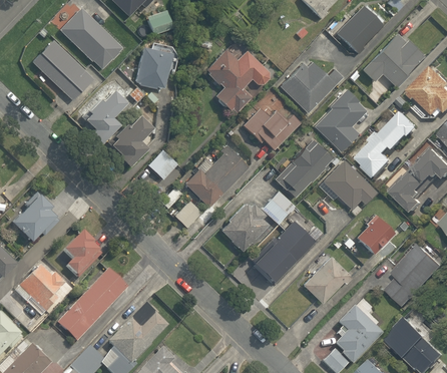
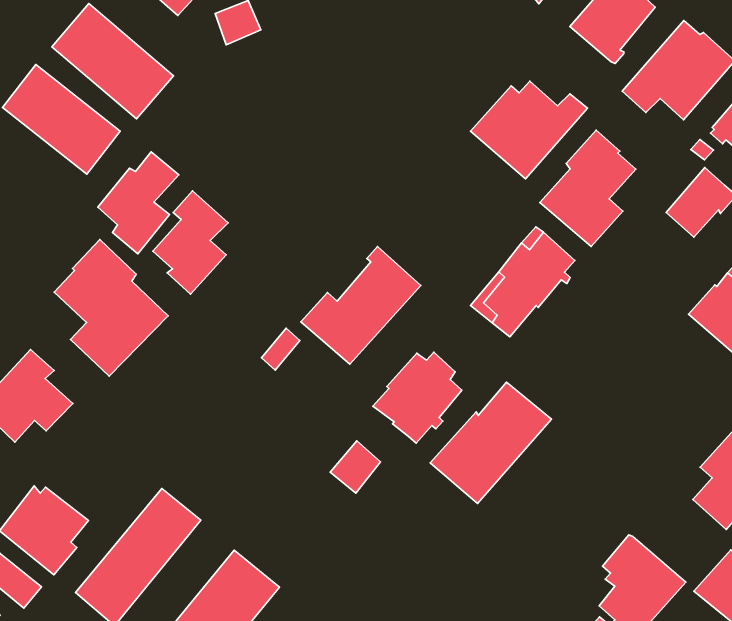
building: [134,44,168,88] -> none
building: [204,49,269,112] -> none
building: [243,108,300,150] -> none
building: [359,132,396,179] -> none
building: none -> [54,240,168,376]
building: [146,148,175,178] -> none
building: [323,160,376,210] -> none
building: [262,192,295,225] -> none
building: [174,201,201,229] -> [330,441,380,493]
building: [356,215,395,255] -> none
building: [56,230,95,275] -> none
building: [303,257,352,304] -> none

